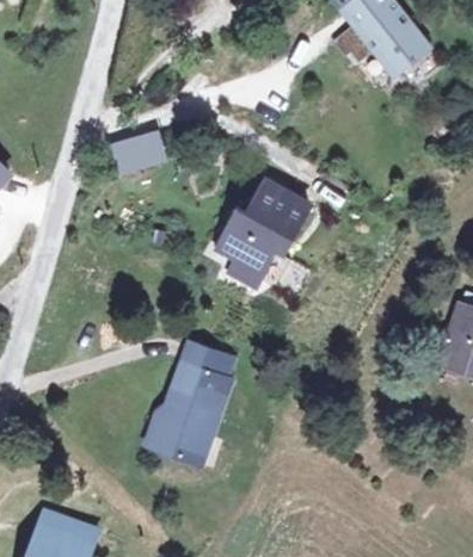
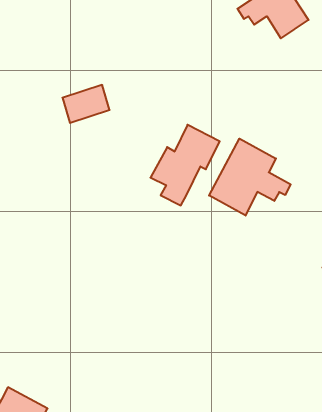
building: none -> [209,139,291,216]
building: [155,347,233,462] -> none

